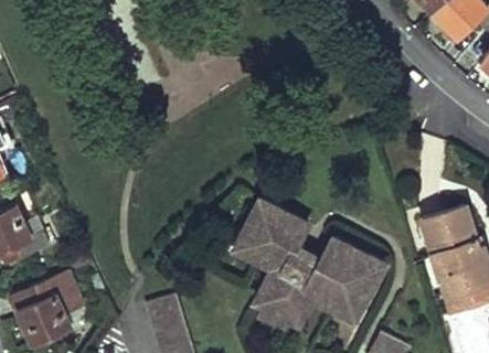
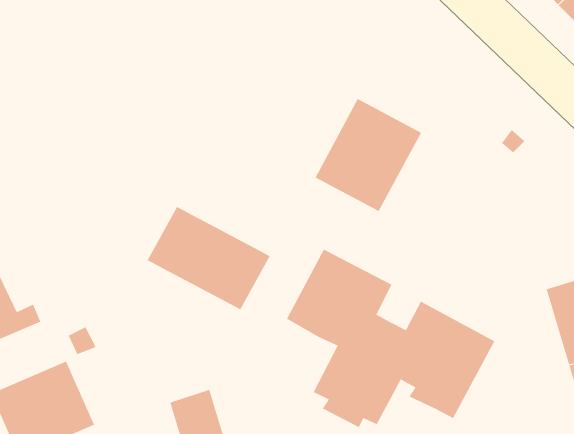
building: none -> [315,98,422,212]
building: none -> [147,206,270,310]

